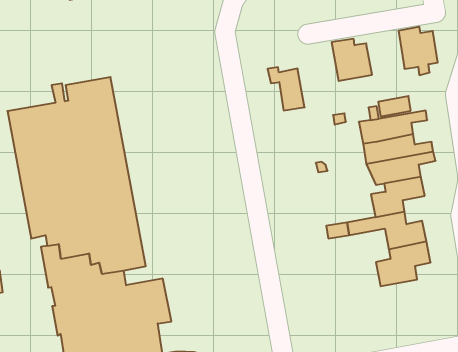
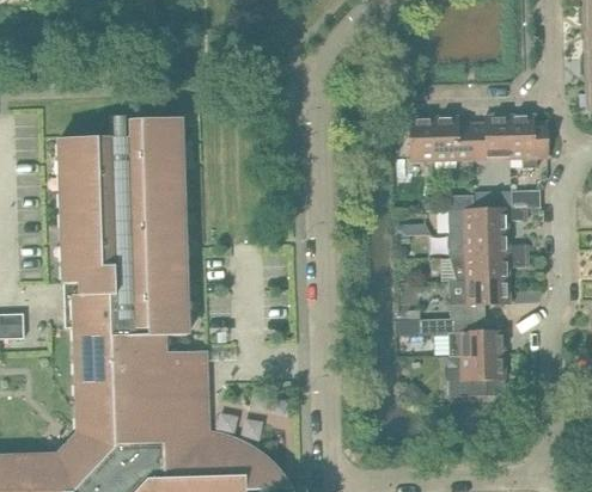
building: none -> [470,116,508,160]
building: [268,67,305,110] -> [398,112,433,161]

